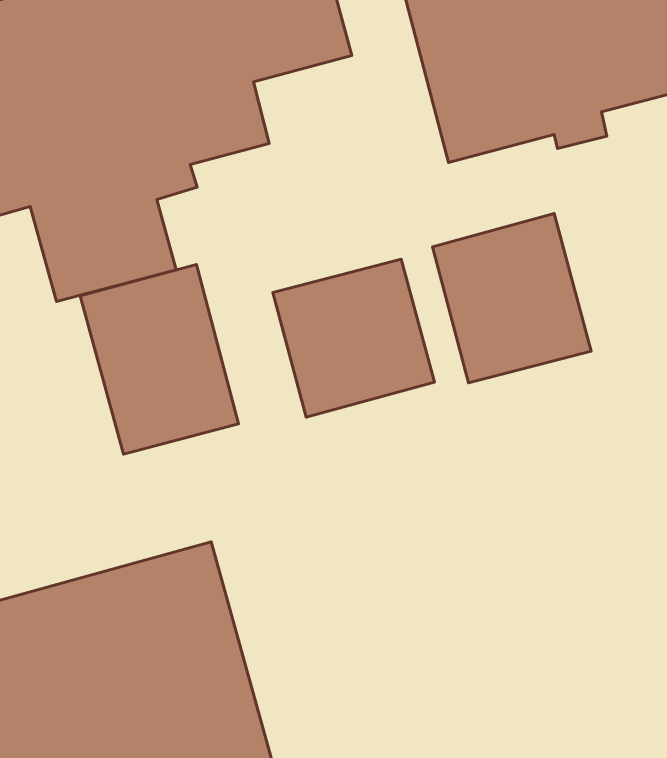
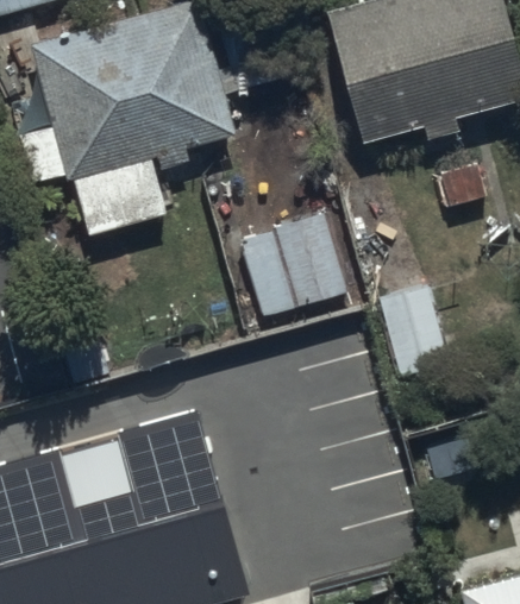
building: [433,213,591,383] -> none
building: [80,265,239,454] -> none

